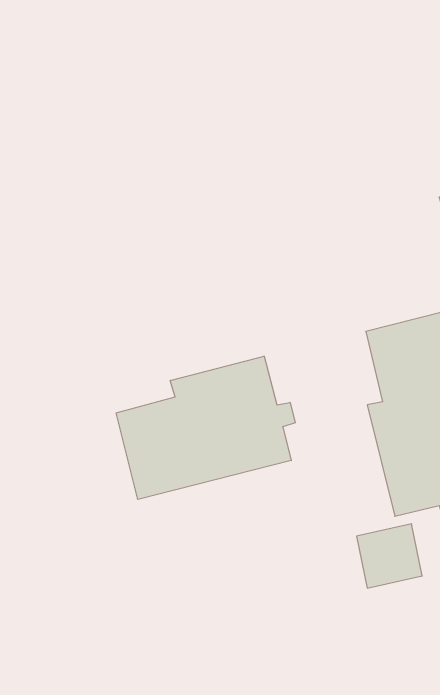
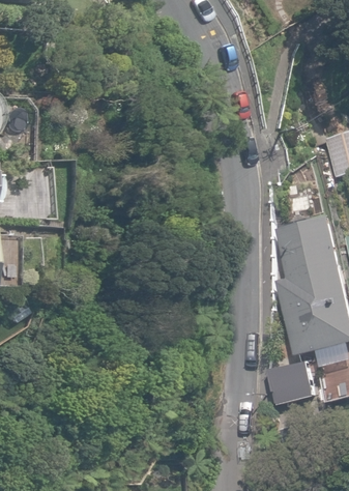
building: [116,356,295,499] -> none

